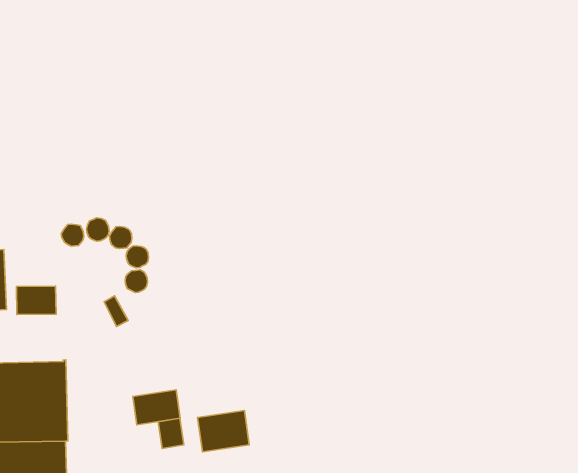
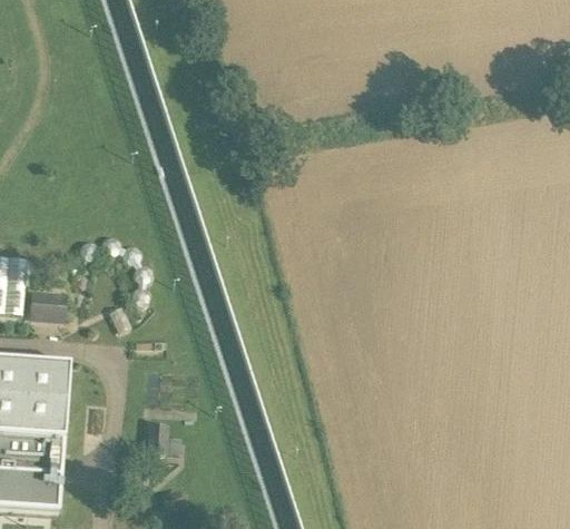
building: [133,390,180,425] -> none
building: [197,411,249,452] -> none

